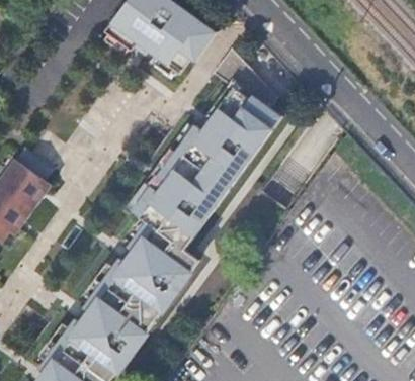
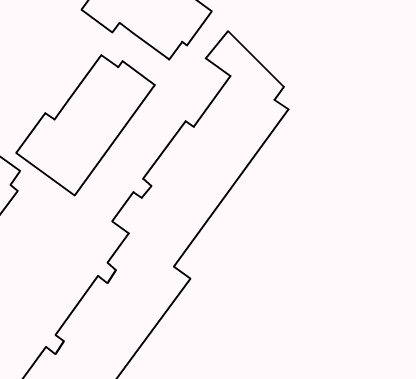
building: none -> [16,55,155,195]

